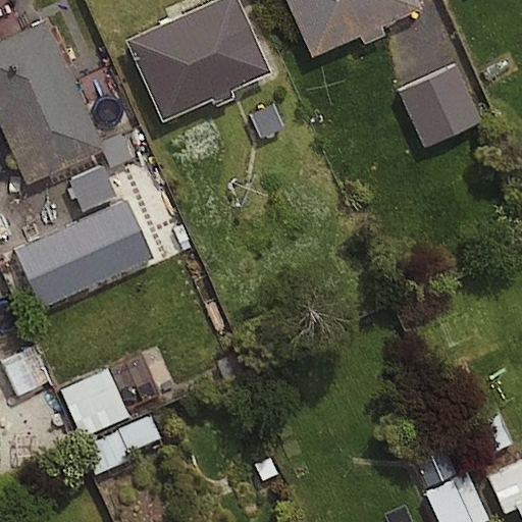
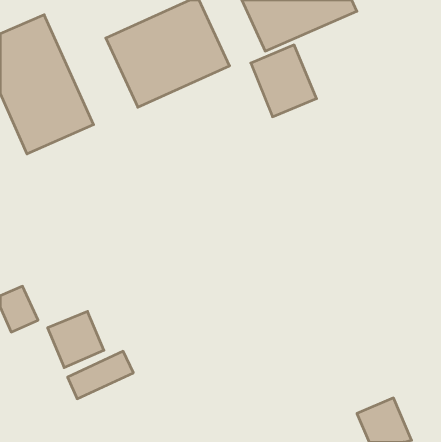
building: [398,56,475,141] -> [251,45,317,117]
building: [12,198,148,303] -> none

